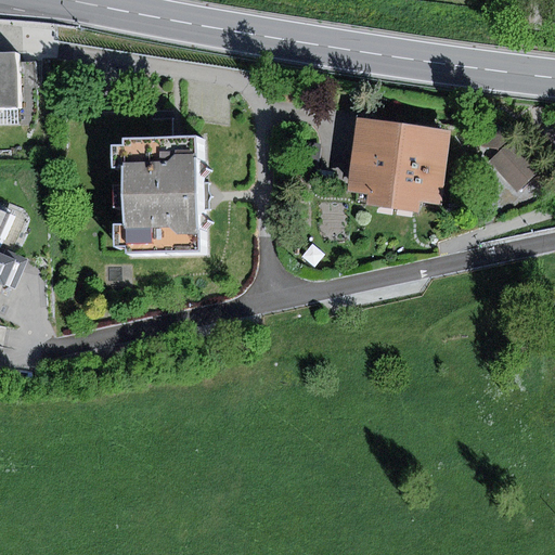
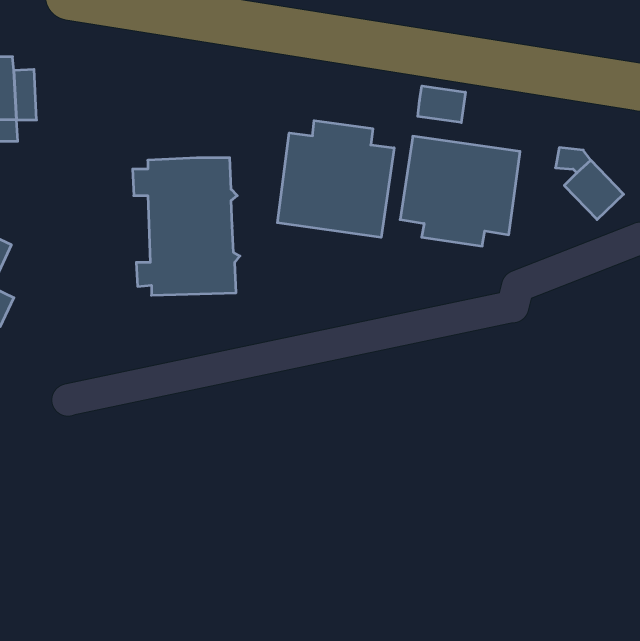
building: none -> [418,86,465,123]
building: none -> [277,121,394,237]

